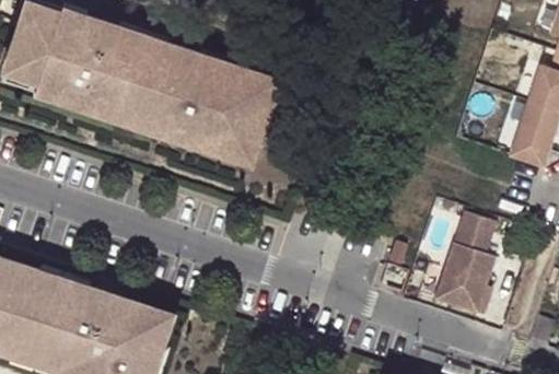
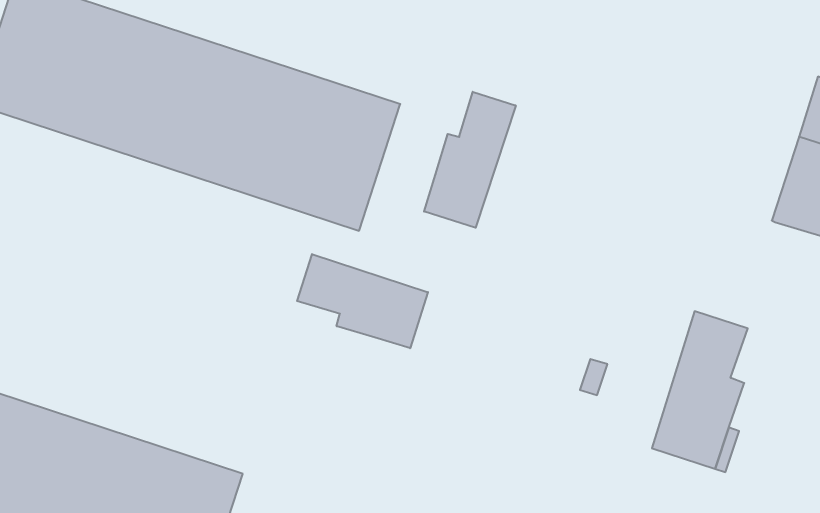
building: none -> [424,92,516,228]
building: none -> [297,254,428,348]

